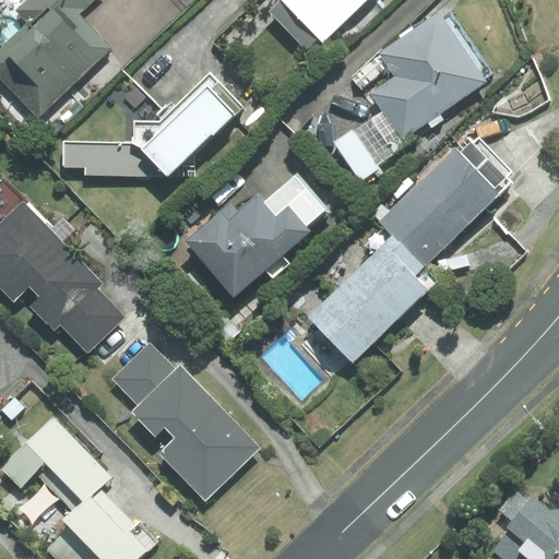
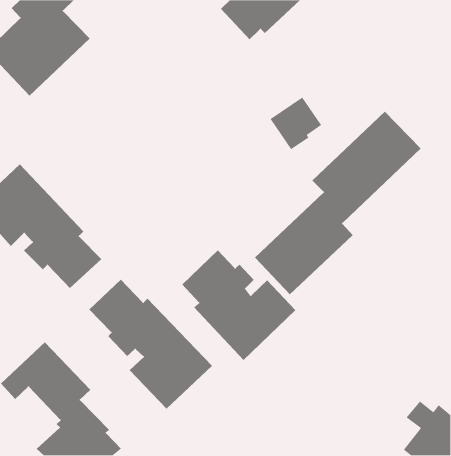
building: [368,12,487,141] -> none
building: [61,84,240,176] -> none
building: [186,174,328,298] -> none
building: none -> [181,250,296,361]

